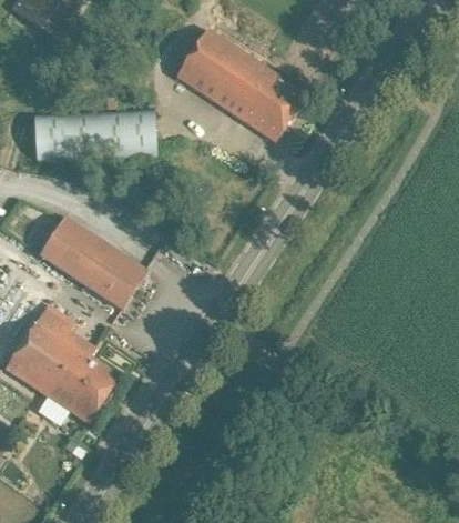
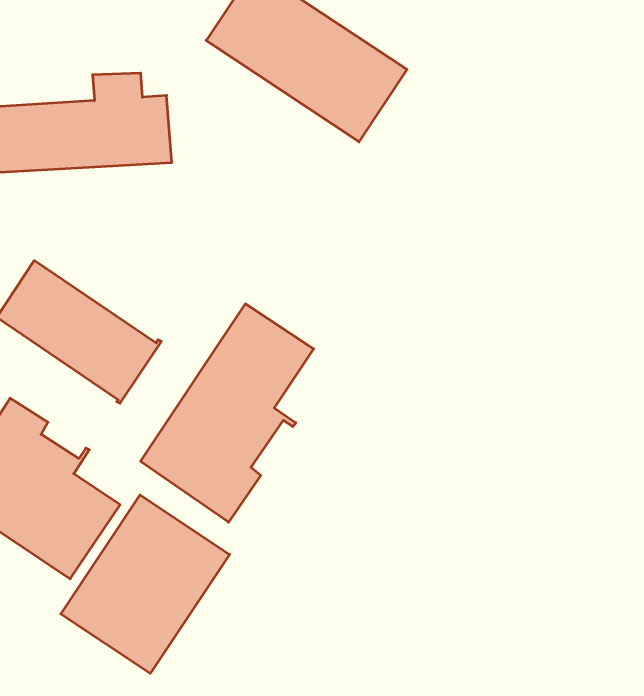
building: none -> [141,304,314,522]
building: none -> [61,495,230,673]

